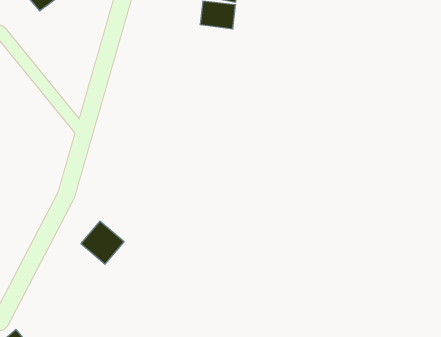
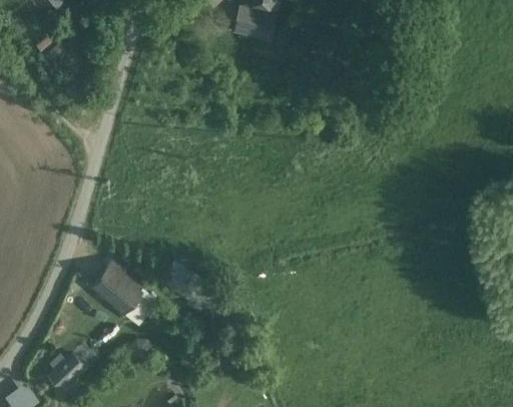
building: none -> [50,359,83,392]

